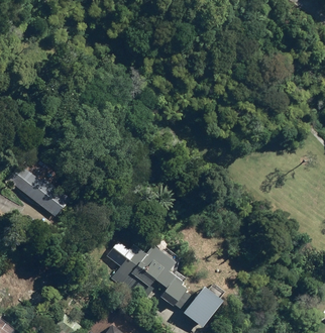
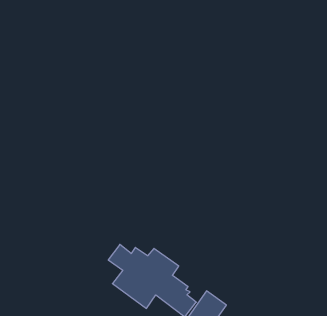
building: [8,164,70,217] -> none

